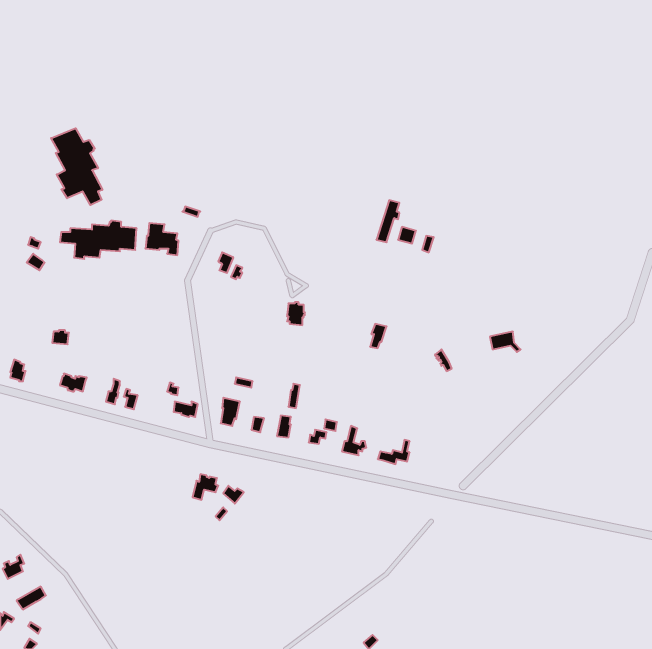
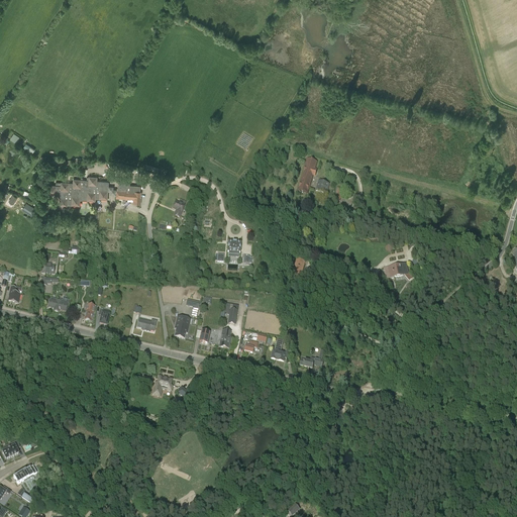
building: [51,128,102,205] -> none

